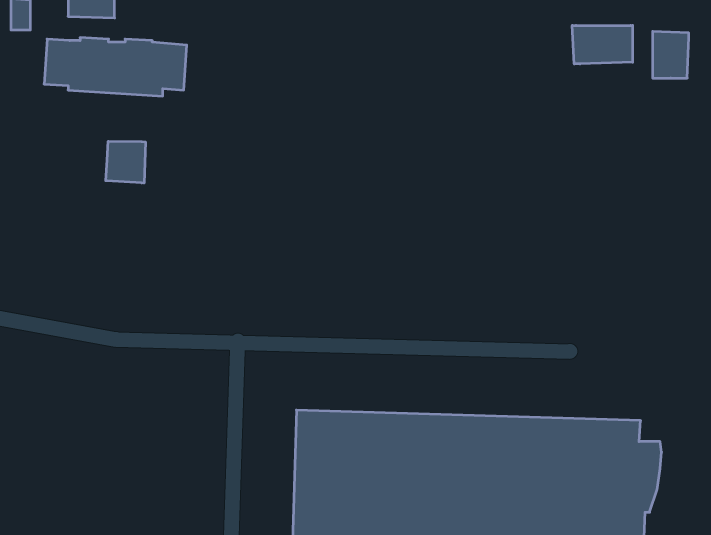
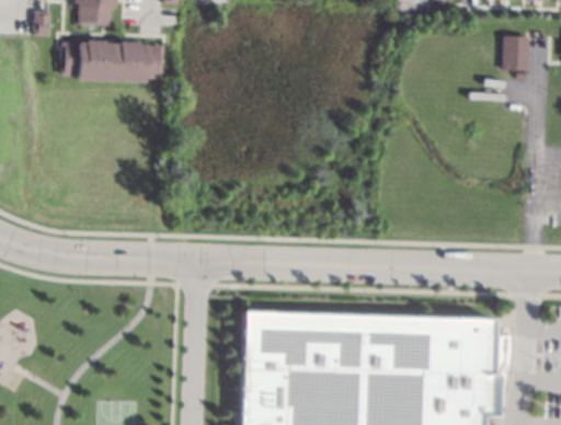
building: [572,25,633,64] -> none
building: [106,141,145,183] -> none

